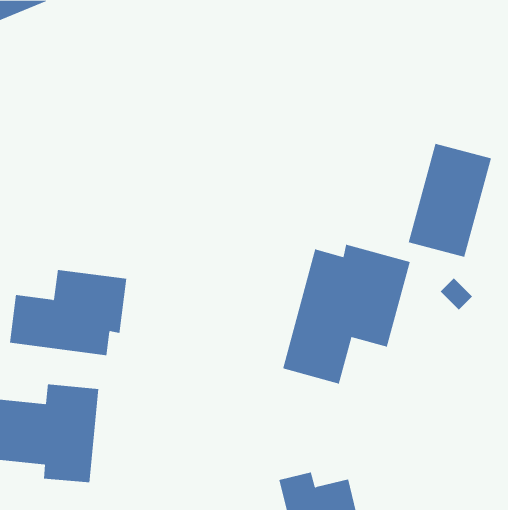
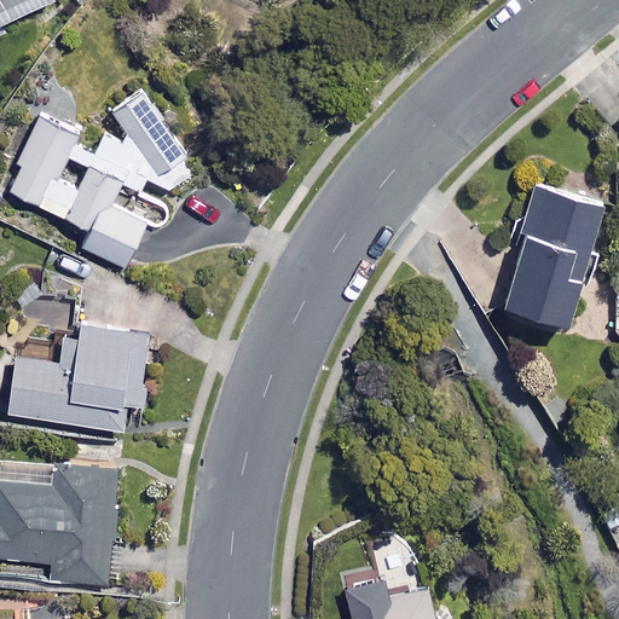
building: none -> [5,80,196,270]
building: [283,244,411,385] -> none

